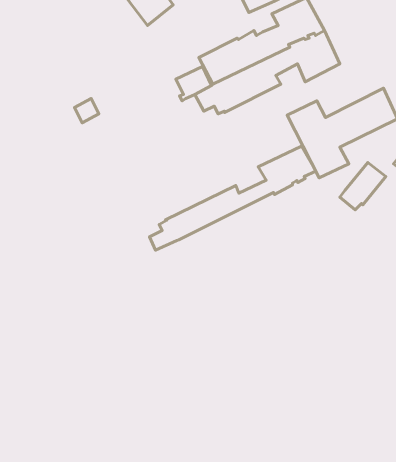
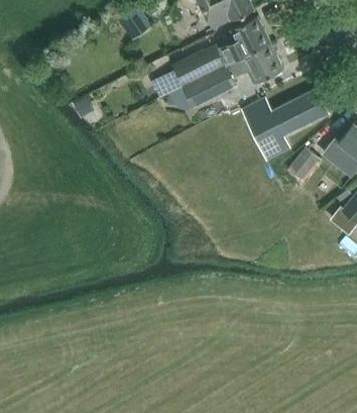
building: [150,146,316,250] -> none

